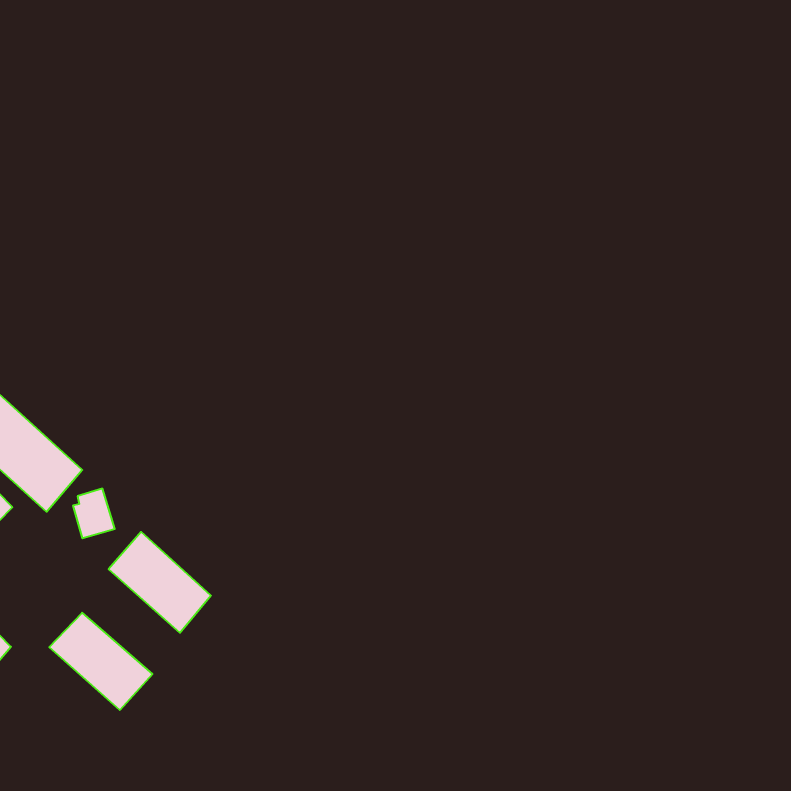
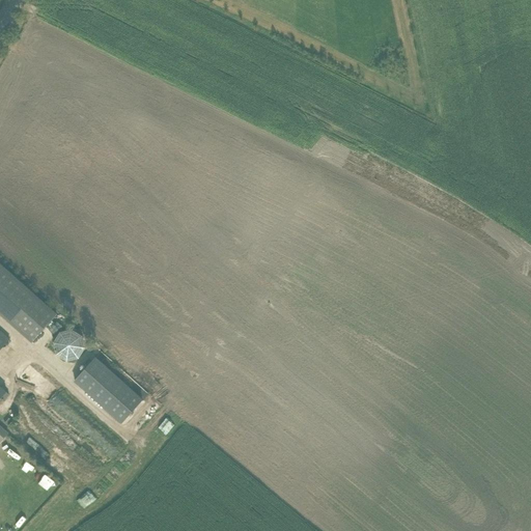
building: [49,613,152,710] -> none

